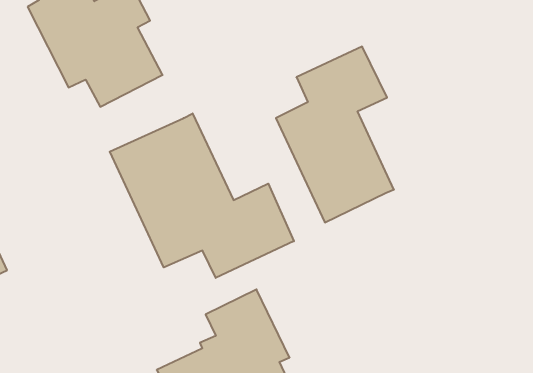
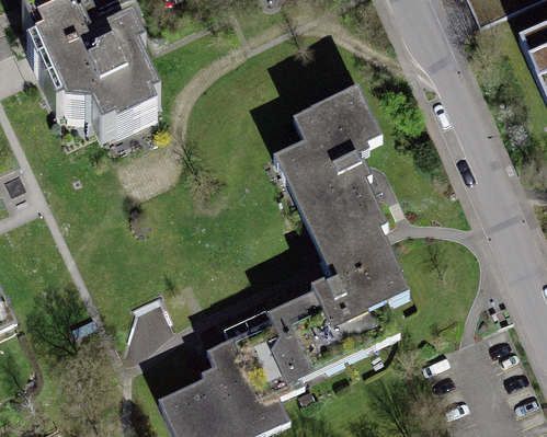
building: [110,113,294,278] -> none
building: none -> [254,227,409,386]

